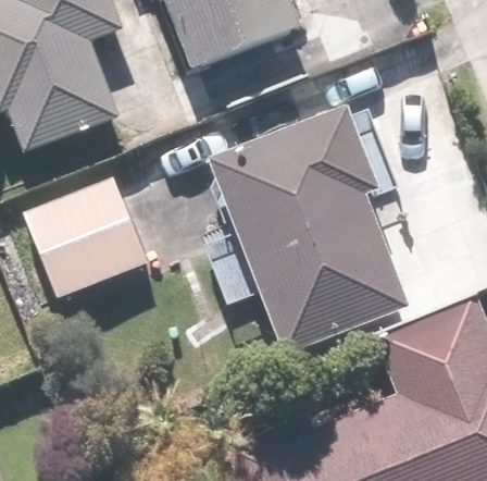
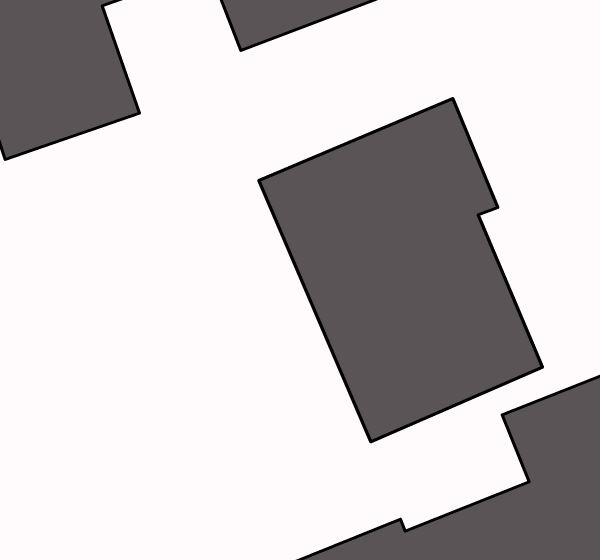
building: [21,170,150,294] -> none

